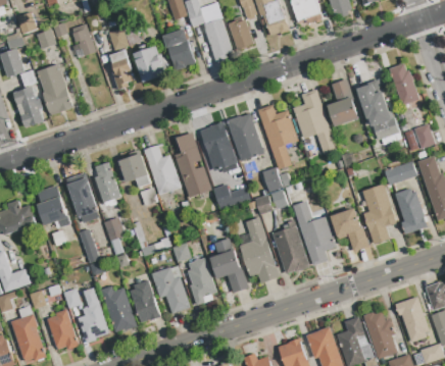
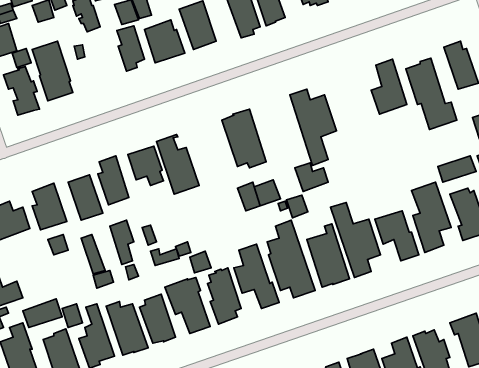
building: [293,90,337,154] -> none
building: [227,114,264,162] -> none
building: [175,133,211,198] -> none

